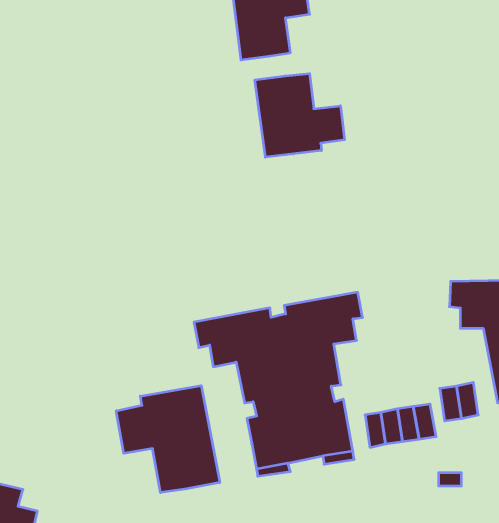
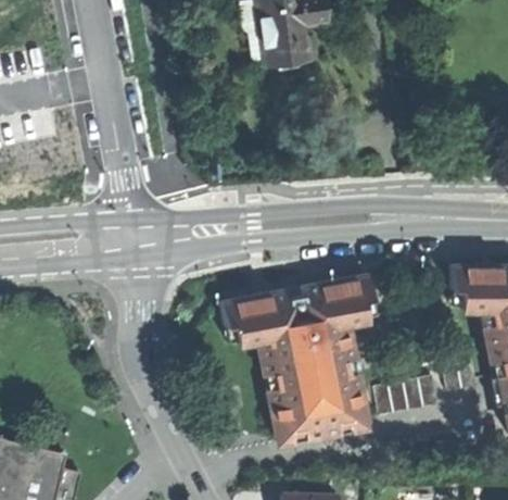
building: [255,74,344,157] -> none
building: [116,386,220,493] -> none

